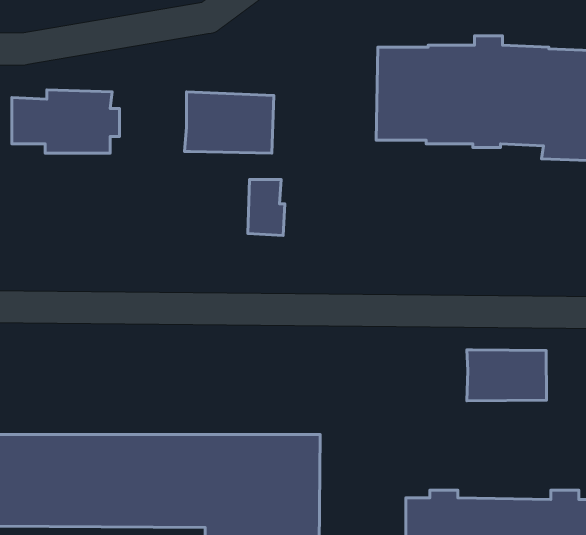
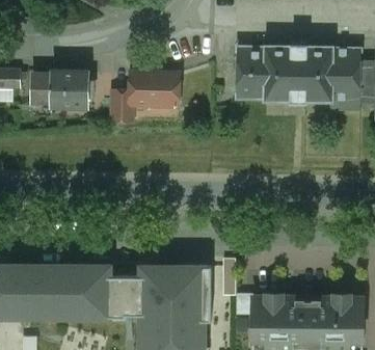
building: [248,180,285,235] -> [111,92,132,124]
building: [467,350,546,401] -> none

